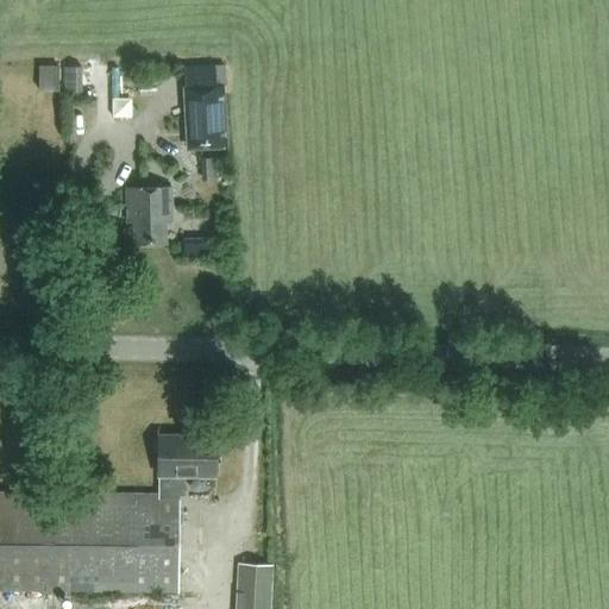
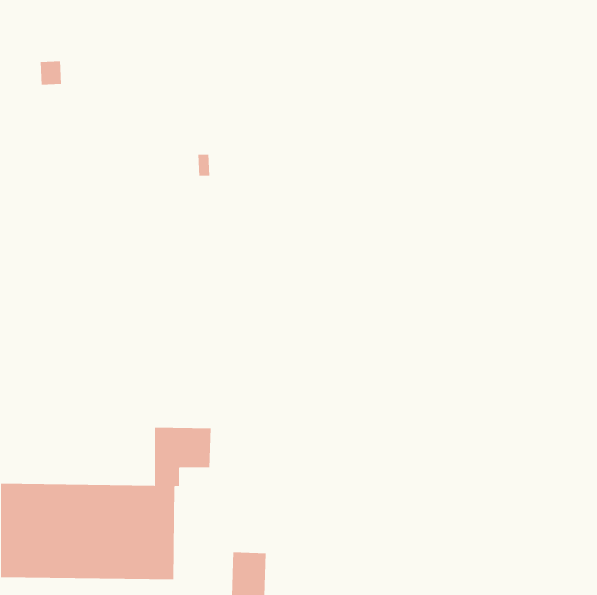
building: [183,65,227,151] -> none
building: [126,187,171,244] -> none

